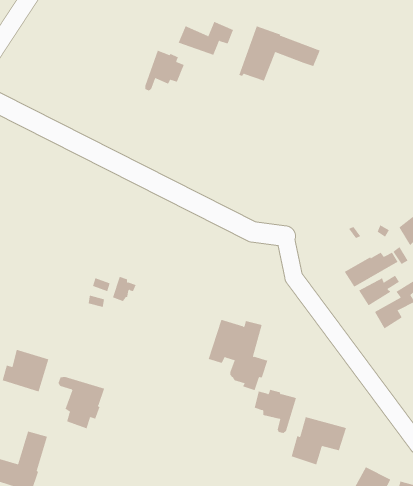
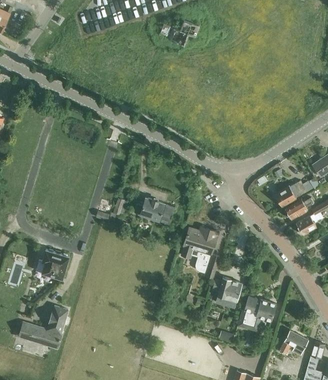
building: [238,26,320,82] -> none
building: [145,50,184,91] -> none
building: none -> [133,197,174,224]
building: [58,376,105,429] -> none

